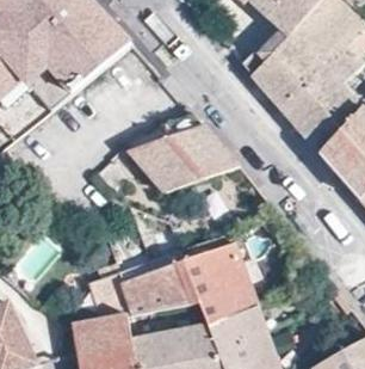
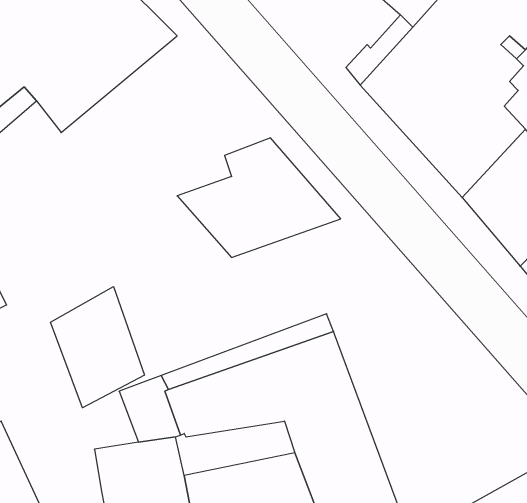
building: none -> [50,287,145,408]

